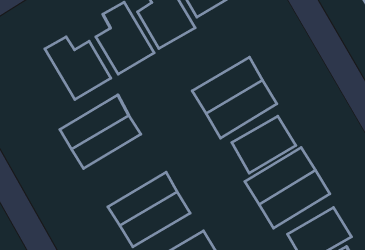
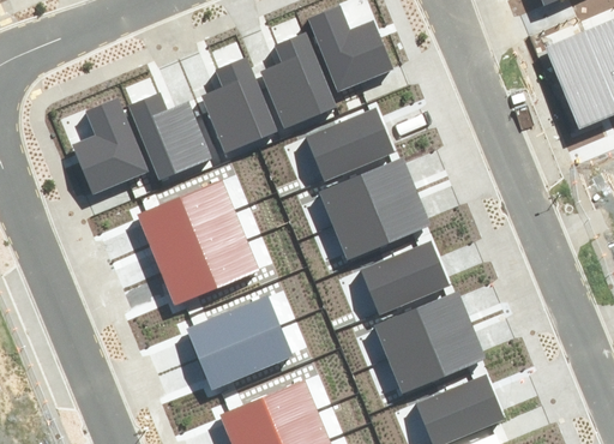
building: none -> [307,108,392,179]
building: none -> [76,96,151,193]
building: none -> [157,239,254,305]

